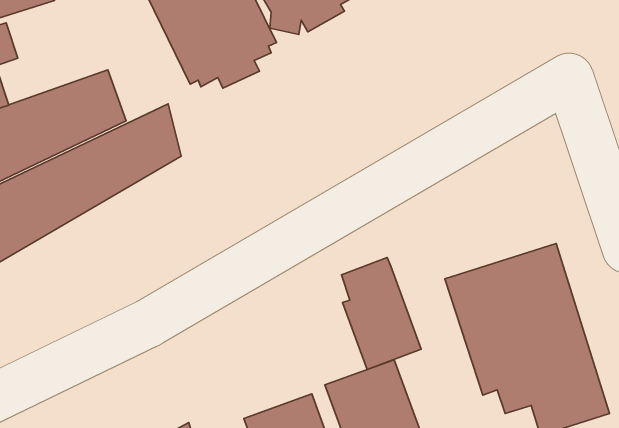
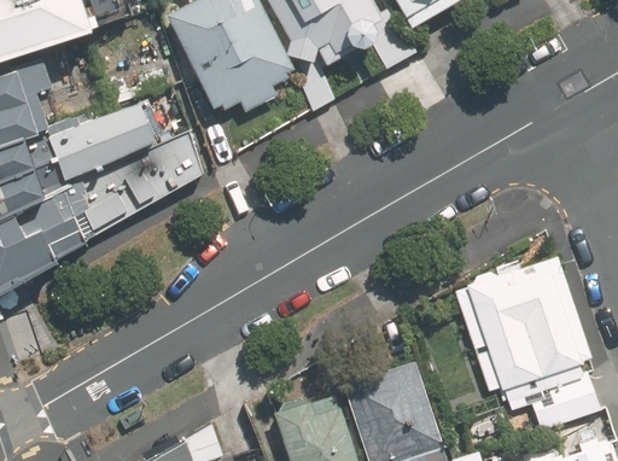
building: [341,258,421,370] -> none

